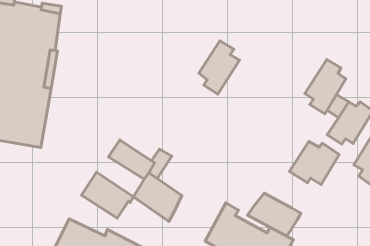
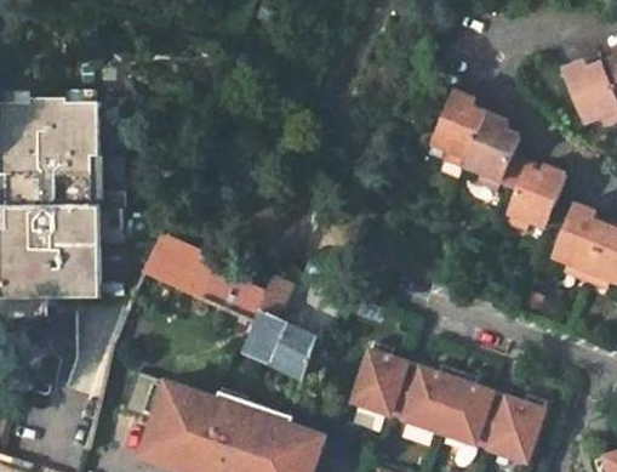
building: [199,41,240,94] -> [430,89,485,165]
building: [289,142,339,185] -> none
building: [82,172,134,218] -> [143,240,217,301]
building: [247,193,301,236] -> none

